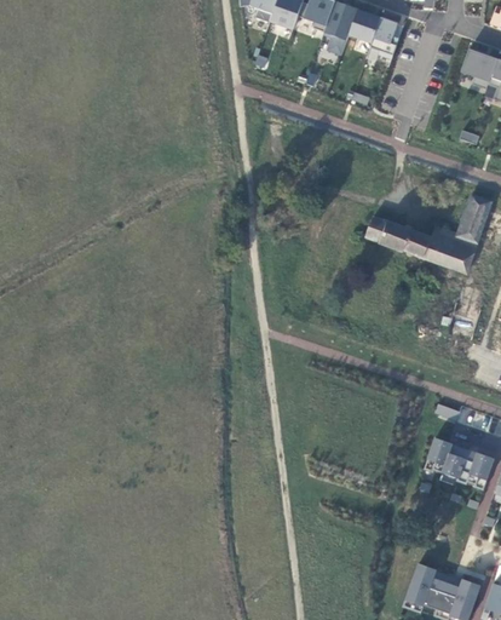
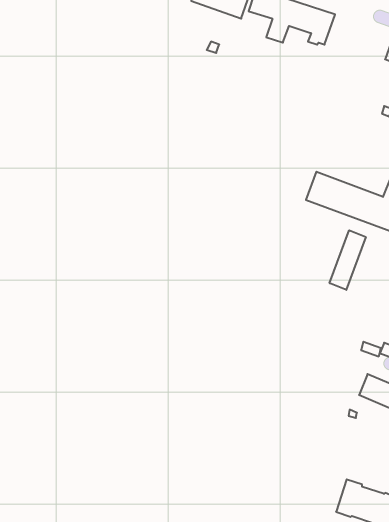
building: none -> [330,230,366,290]

